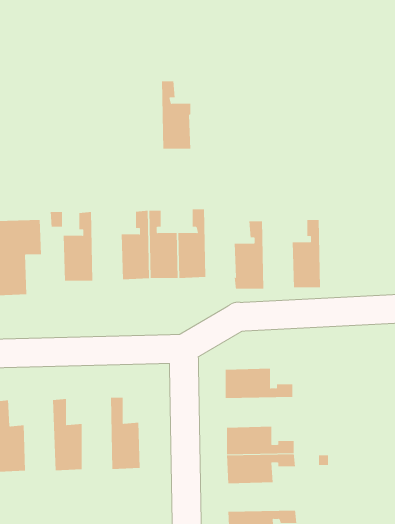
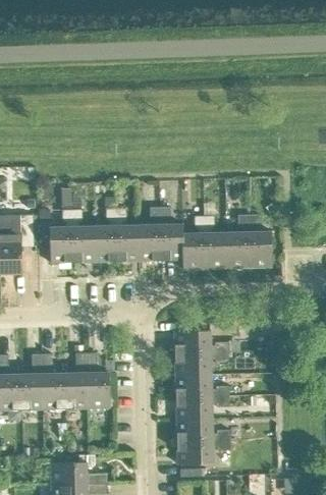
building: [161,81,191,149] -> [160,207,183,260]
building: none -> [72,209,96,263]
building: none -> [249,214,272,268]
building: none -> [205,215,228,269]
building: none -> [65,352,88,408]
building: none -> [175,352,229,376]
building: none -> [20,354,44,409]
building: none -> [177,419,230,441]

